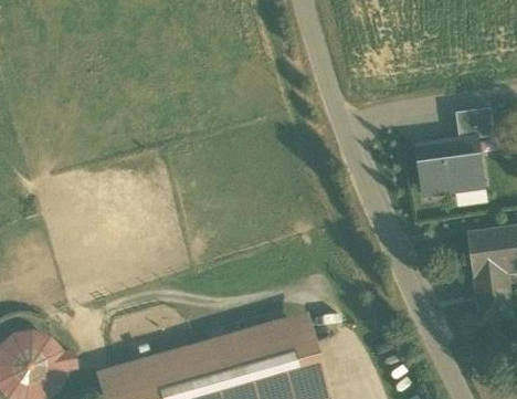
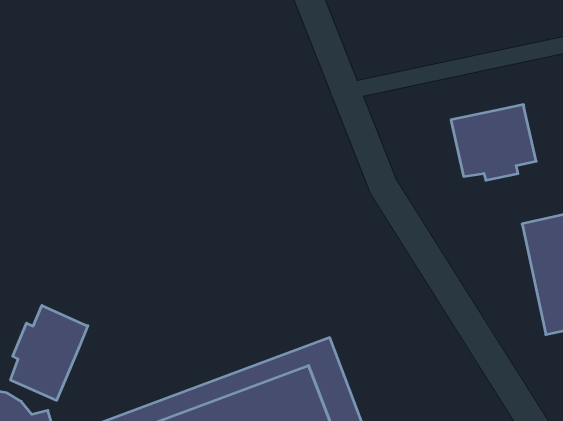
building: [456,107,495,138] -> none
building: none -> [11,305,88,400]

